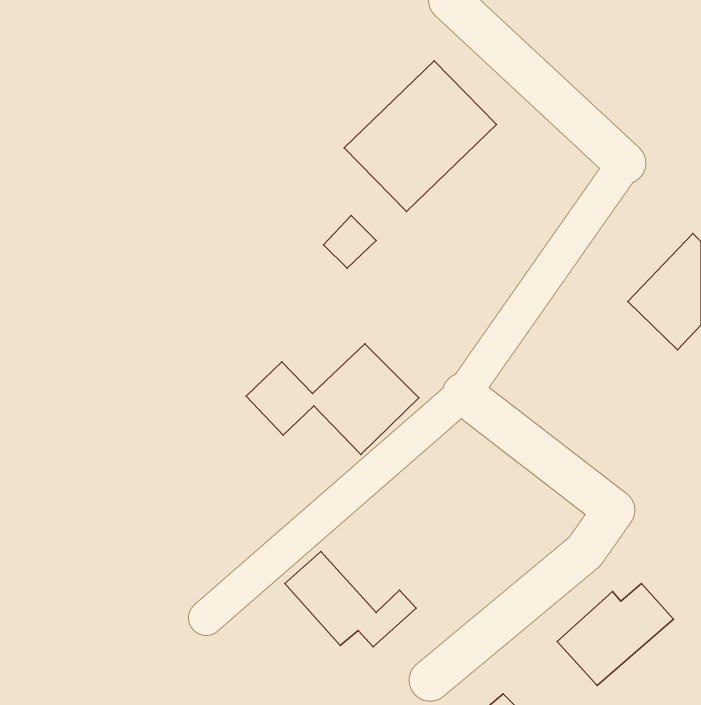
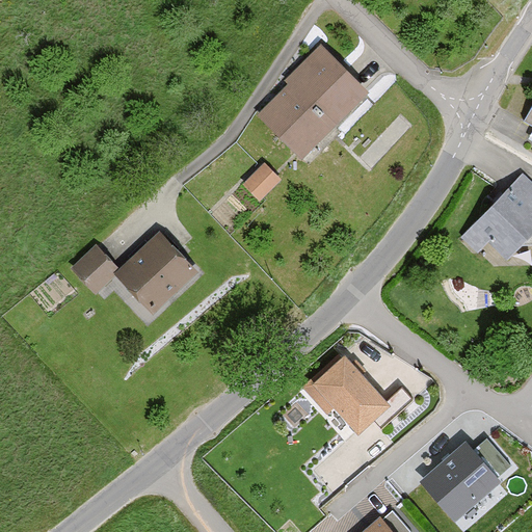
building: [246,344,419,454] -> [69,229,198,312]
building: [285,552,416,647] -> [311,357,409,429]

